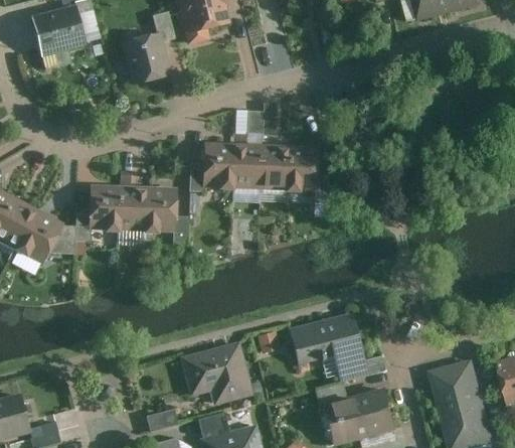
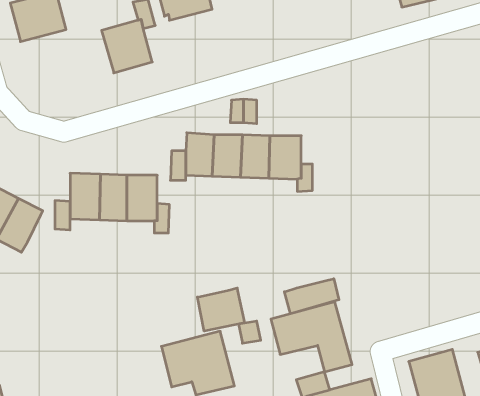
building: [48,226,75,254] -> none
building: none -> [284,279,339,314]
building: none -> [197,288,245,331]

